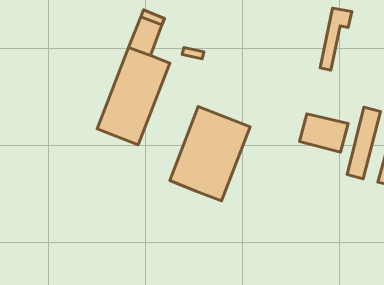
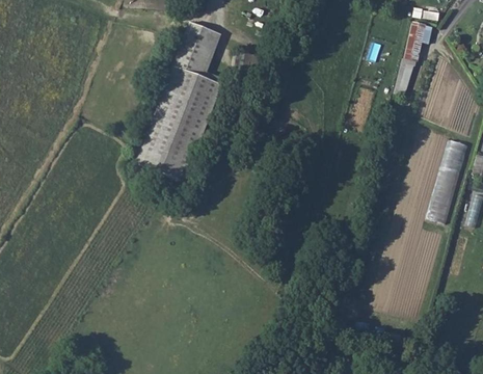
building: [170,106,250,201] -> none
building: [300,114,348,152] -> none

